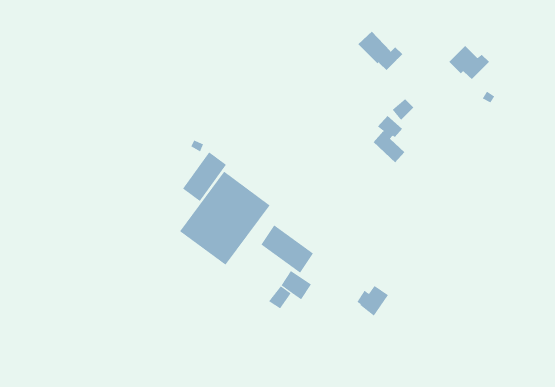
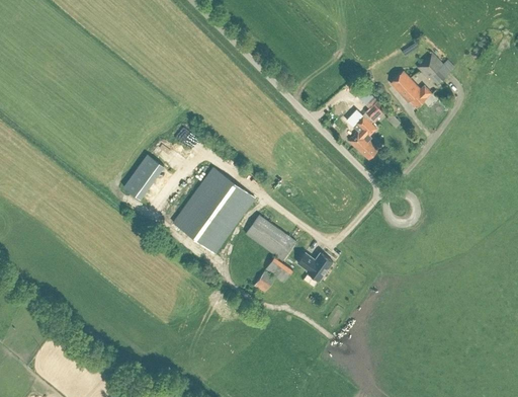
building: [357,31,403,71] -> [390,72,431,108]
building: [182,152,227,202] -> [123,154,164,200]
building: [356,285,389,316] -> [304,253,333,282]

